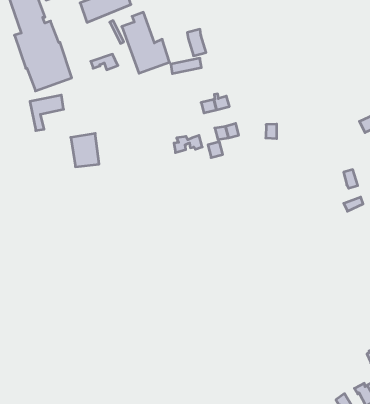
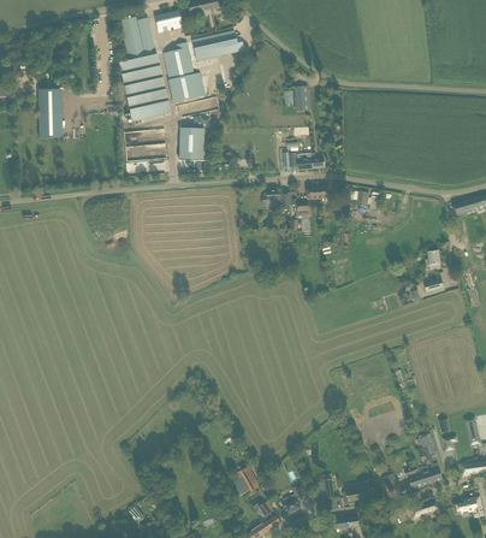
building: [122,12,170,73] -> [162,41,205,101]
building: [71,133,99,167] -> [178,128,203,159]

